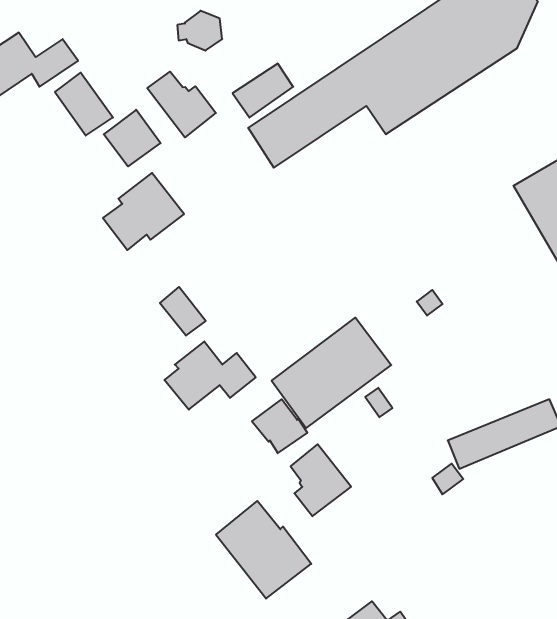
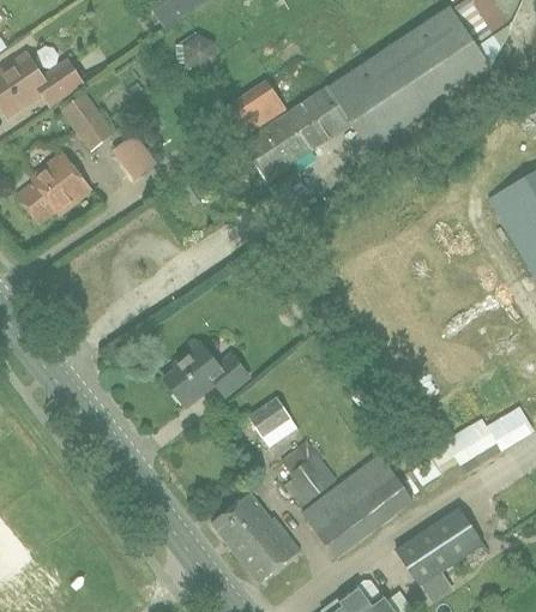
building: [147,72,216,137] -> none
building: [103,173,184,250] -> [16,152,91,224]
building: [160,287,206,336] -> none
building: [272,318,391,428] -> [302,455,414,558]
building: none -> [396,508,483,586]

